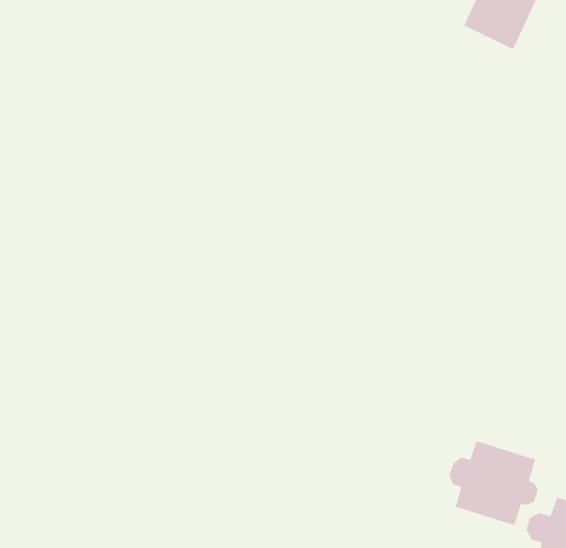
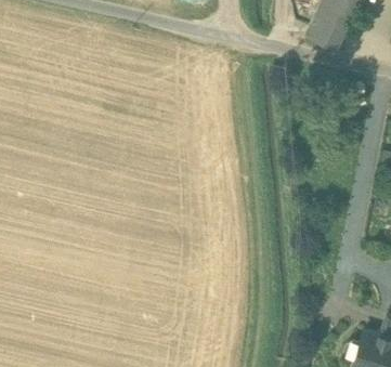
building: [449,440,539,526] -> none

